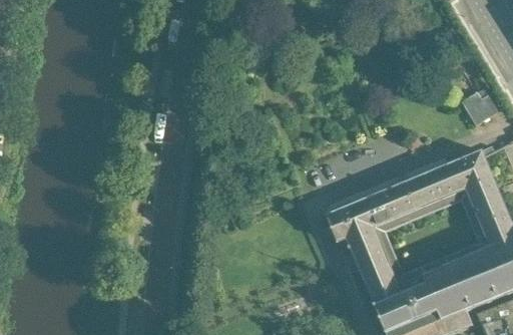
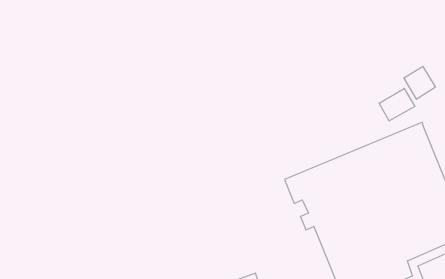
building: none -> [379,88,415,121]

